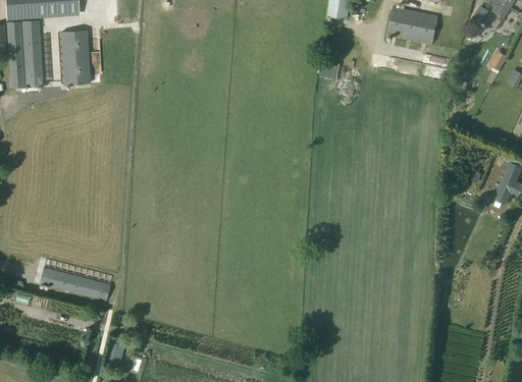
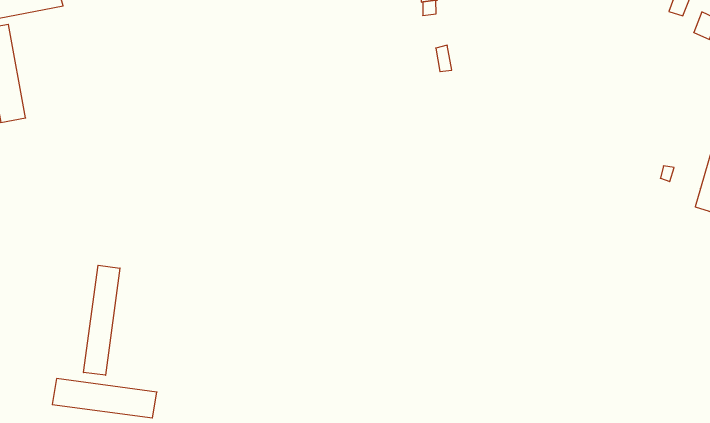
building: [61,31,90,85] -> none
building: none -> [84,265,120,375]

